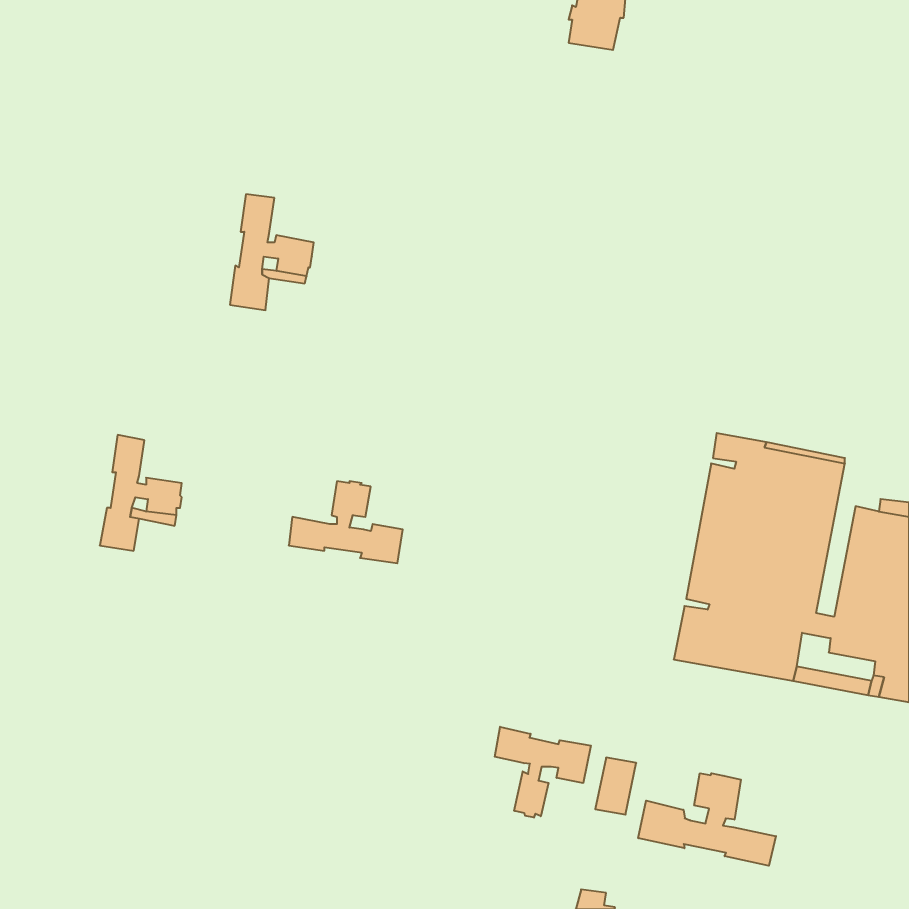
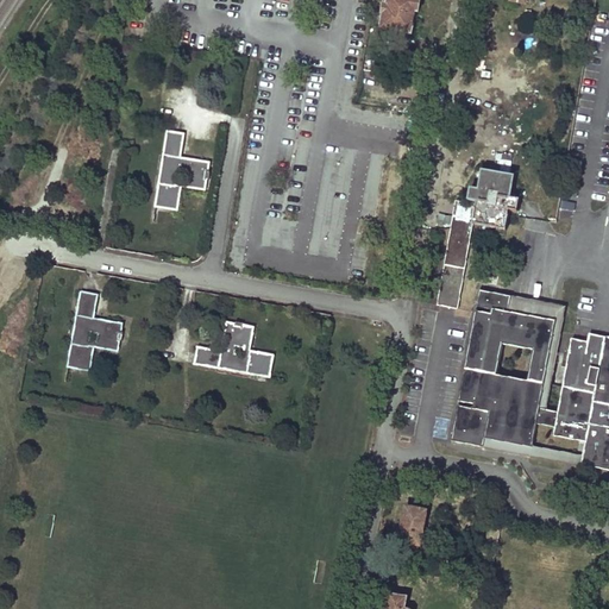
building: none -> [440,169,519,307]
building: [495,727,591,818] -> none
building: [638,773,776,866] -> none

